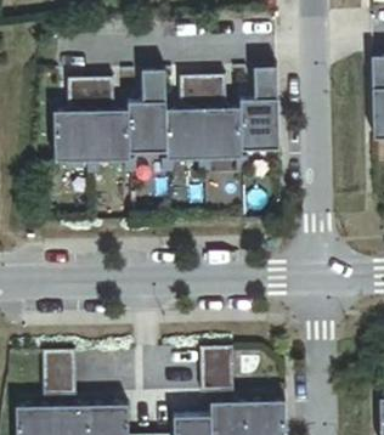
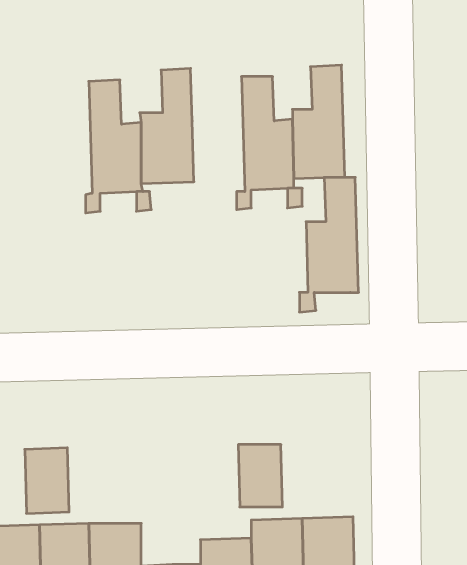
building: [162,73,205,173] -> [299,177,359,312]
building: [50,77,92,175] -> none

